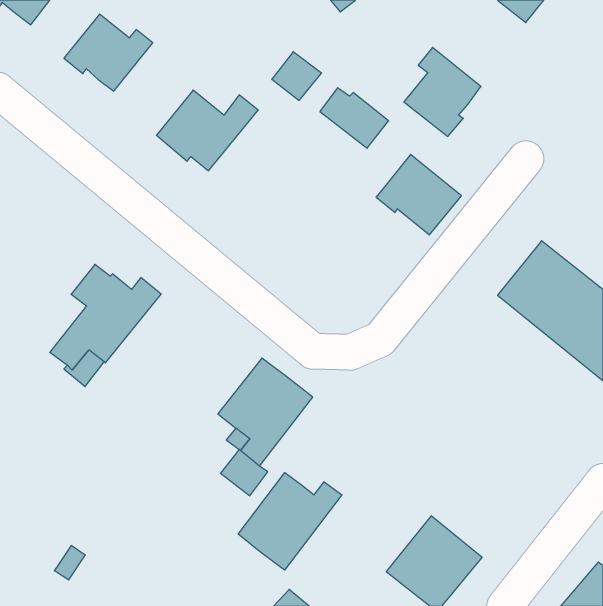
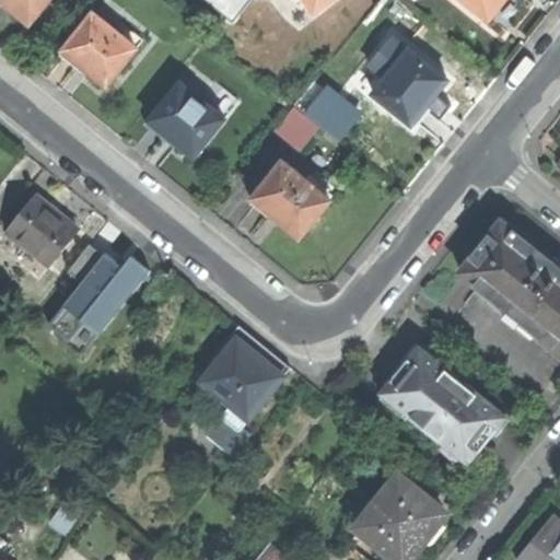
building: [272,52,322,100] -> [271,107,317,152]
building: [376,154,461,235] -> [250,162,329,236]
building: none -> [7,197,77,265]
building: none -> [380,347,505,464]
building: [238,473,342,570] -> none

